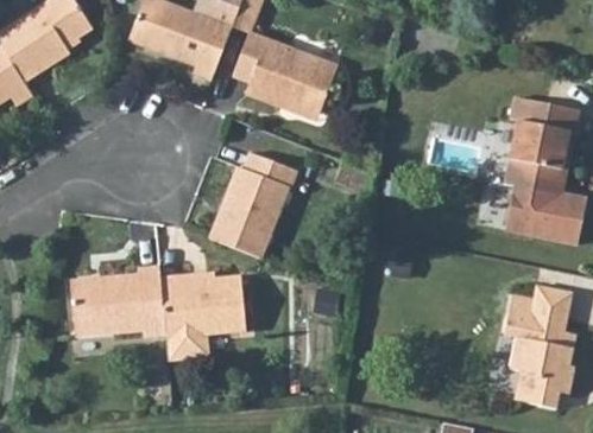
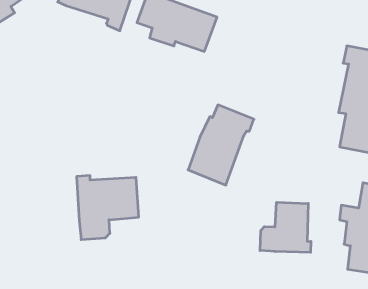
building: [209,151,296,256] -> [188,105,254,185]
building: [69,261,160,332] -> none
building: none -> [260,202,311,252]

